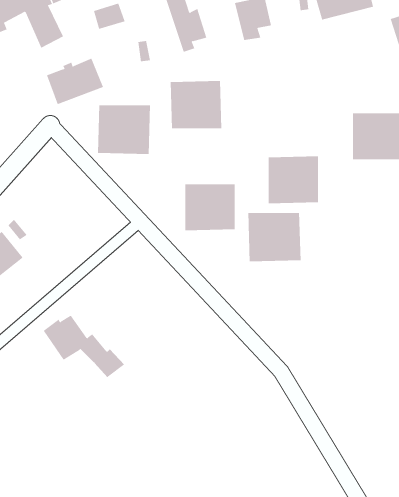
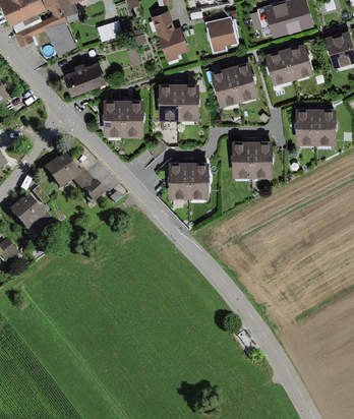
building: none -> [263,41,312,82]
building: none -> [210,60,257,107]
building: [248,212,301,262] -> none
building: [43,315,125,378] -> [46,155,108,202]

